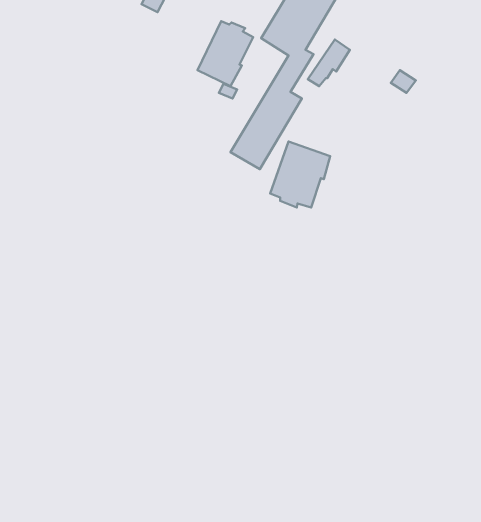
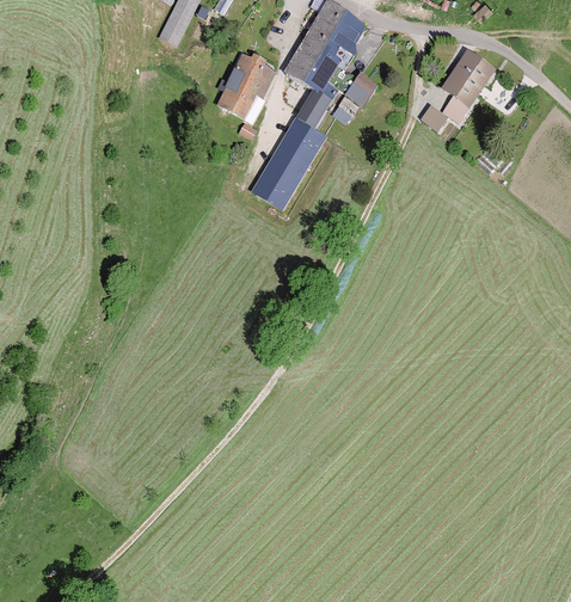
building: none -> [440,50,493,122]
building: [270,141,330,208] -> none

